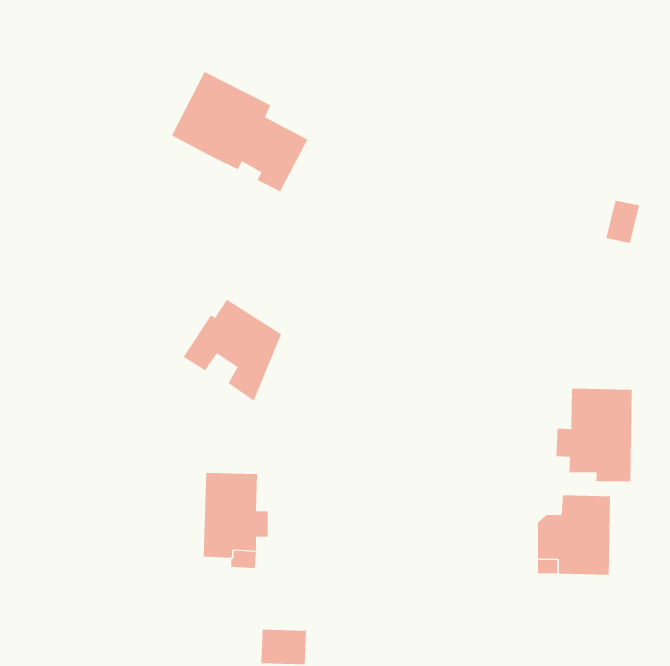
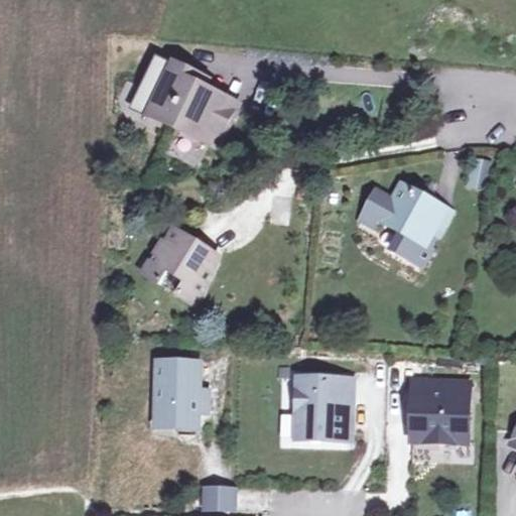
building: none -> [358,175,448,259]
building: [556,388,632,482] -> none
building: none -> [294,378,352,440]

